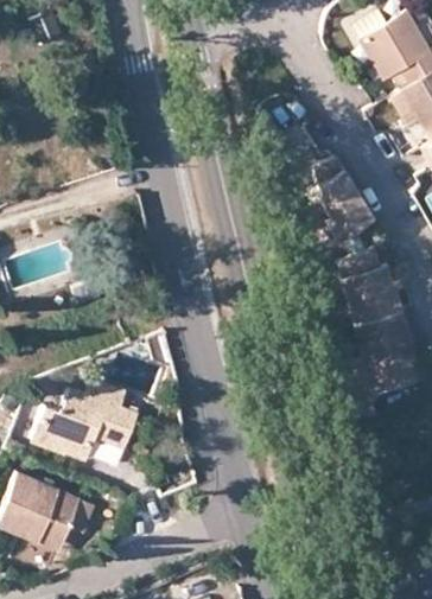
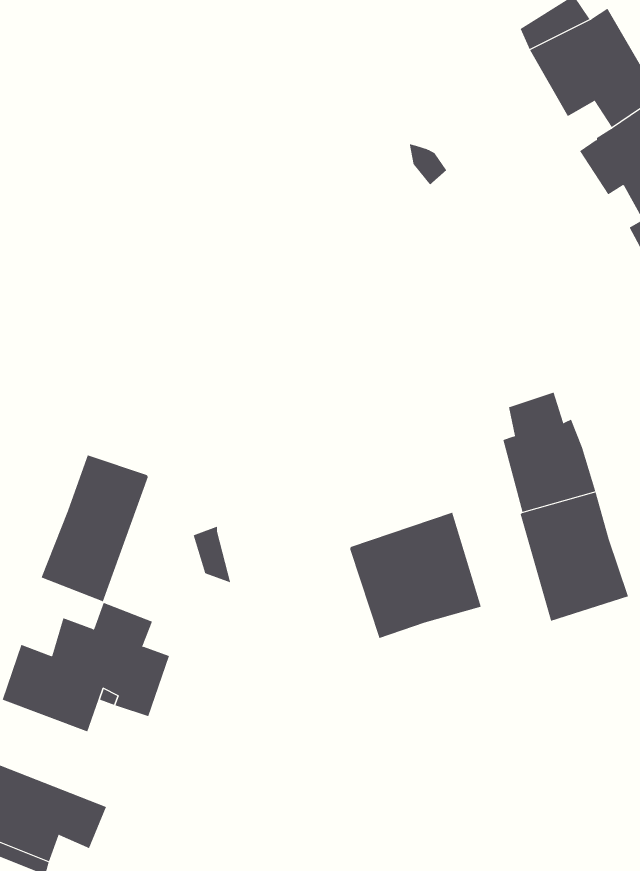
building: [313,158,373,240] -> none
building: none -> [41,455,148,602]
building: none -> [350,512,481,639]

